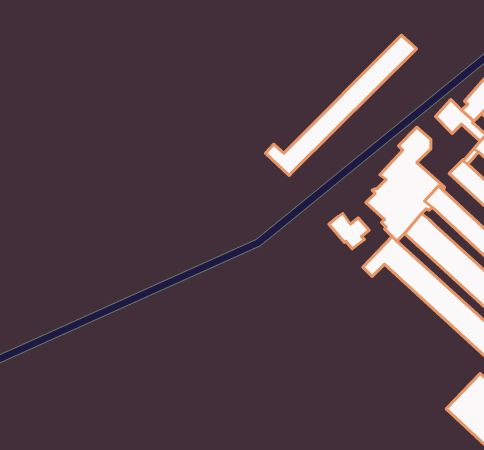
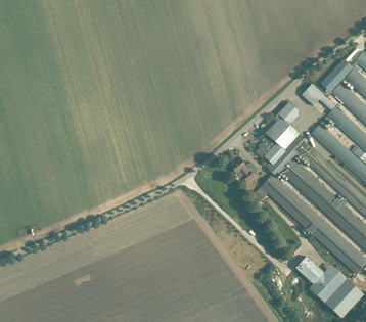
building: [266,35,416,176] -> none
building: none -> [295,256,324,284]

